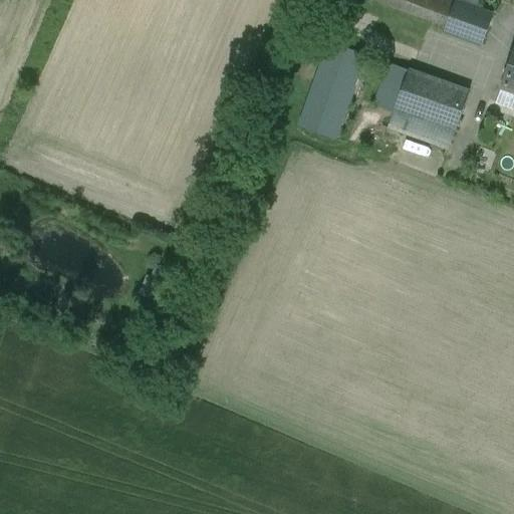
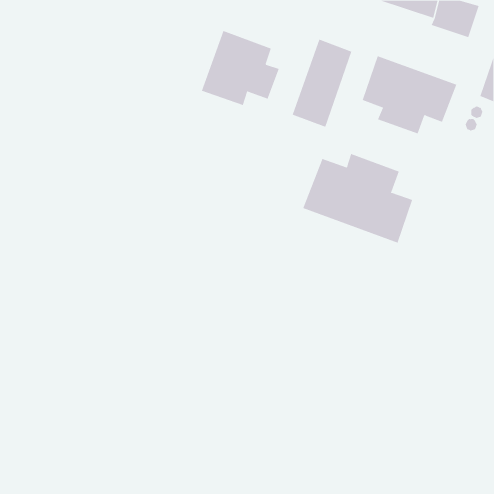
building: none -> [201,30,279,106]
building: none -> [303,153,413,243]

